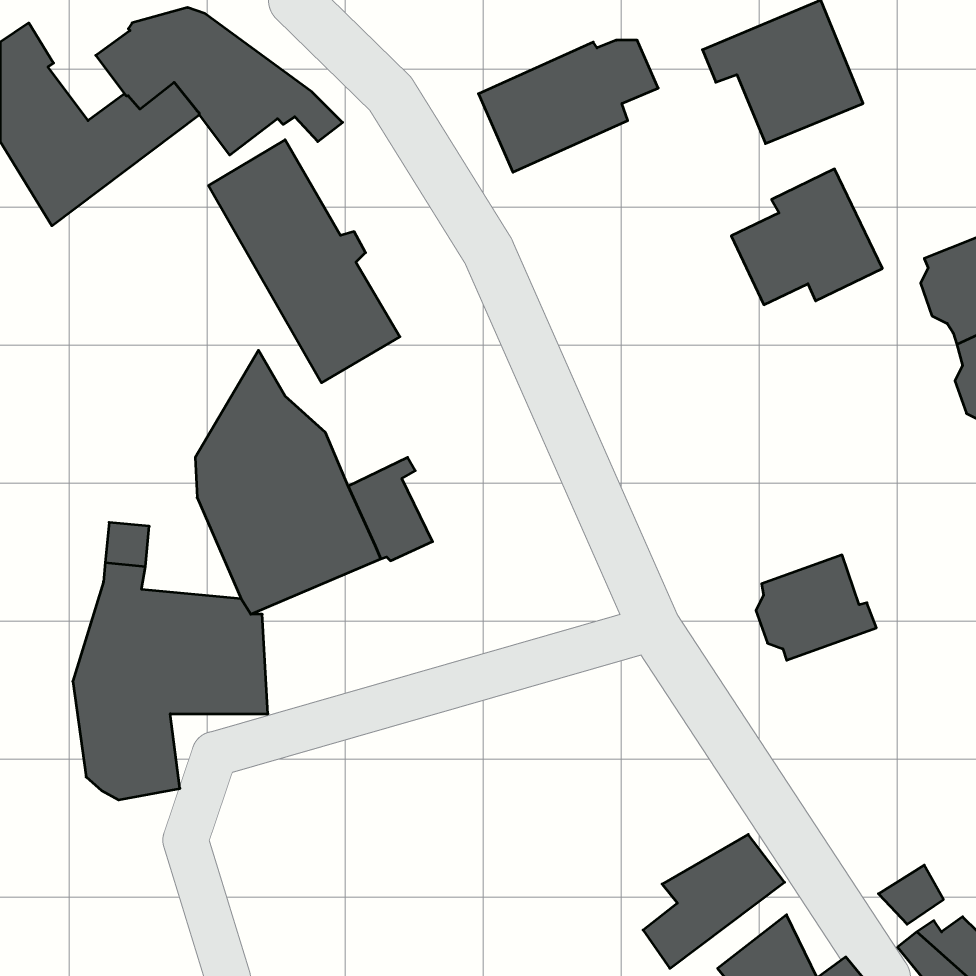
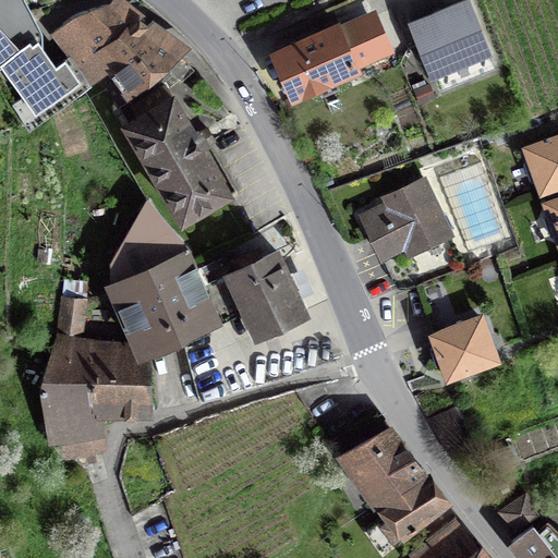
building: [731,169,882,305] -> [364,179,450,256]
building: none -> [230,252,305,332]
building: none -> [343,427,427,505]

